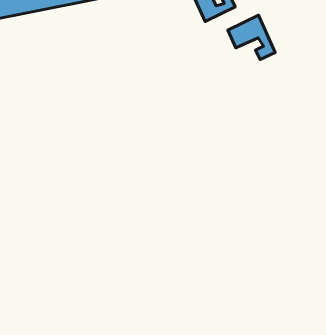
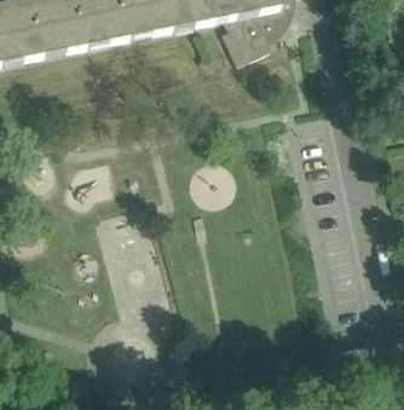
building: [228,15,275,60] -> none

